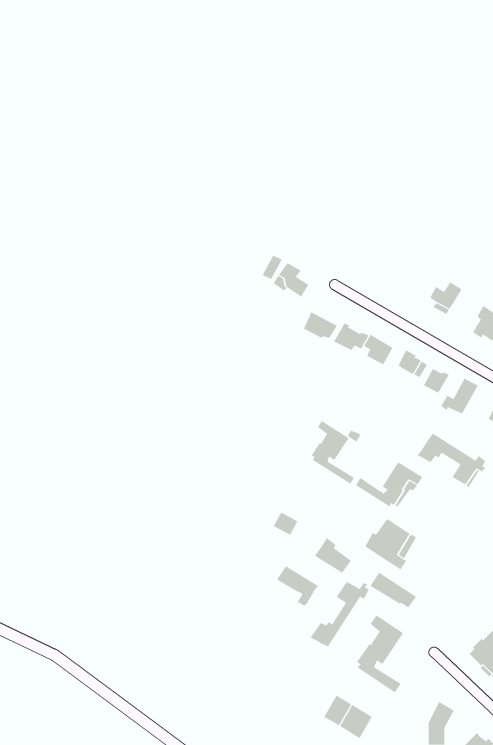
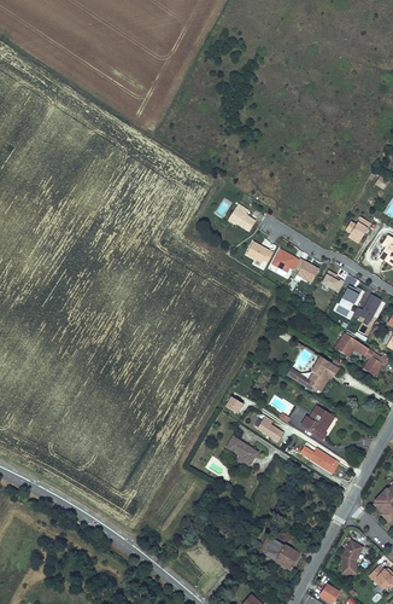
building: [311,420,355,485] -> none
building: [310,581,369,647] -> none
building: [357,614,404,693] -> none

